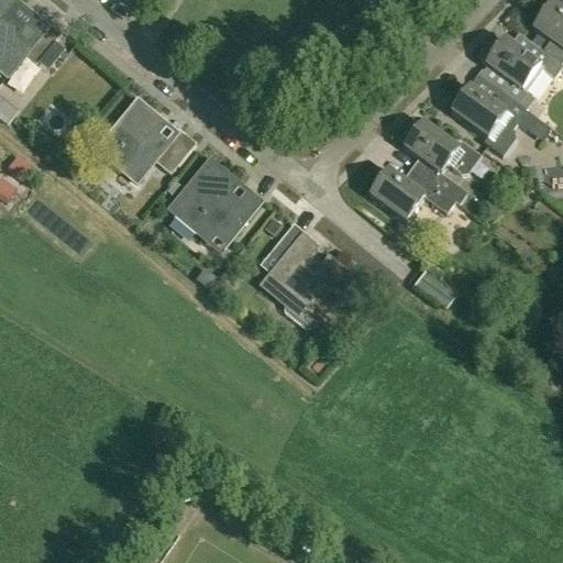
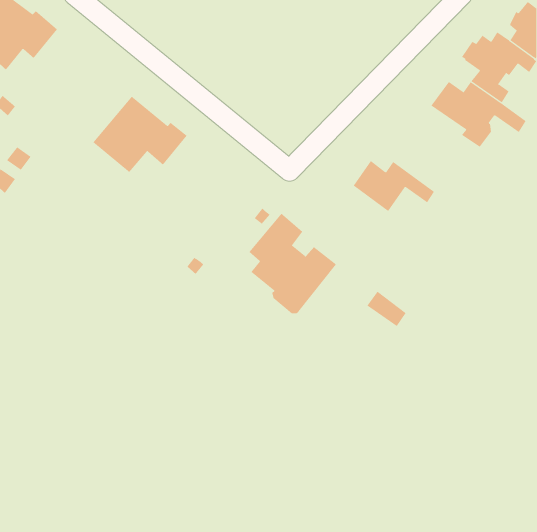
building: [402,120,479,202] -> none
building: [169,159,260,241] -> none
building: [415,267,456,305] -> [366,291,407,327]

